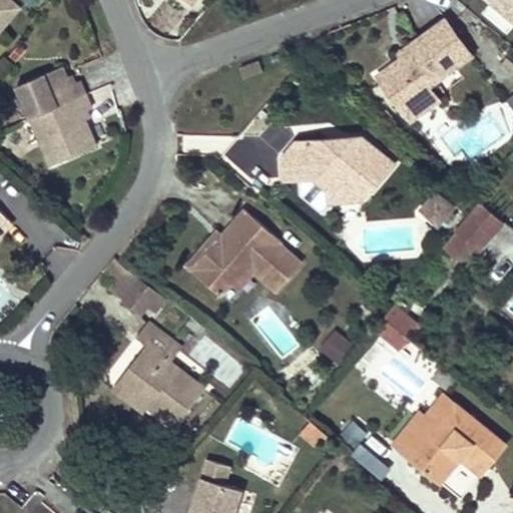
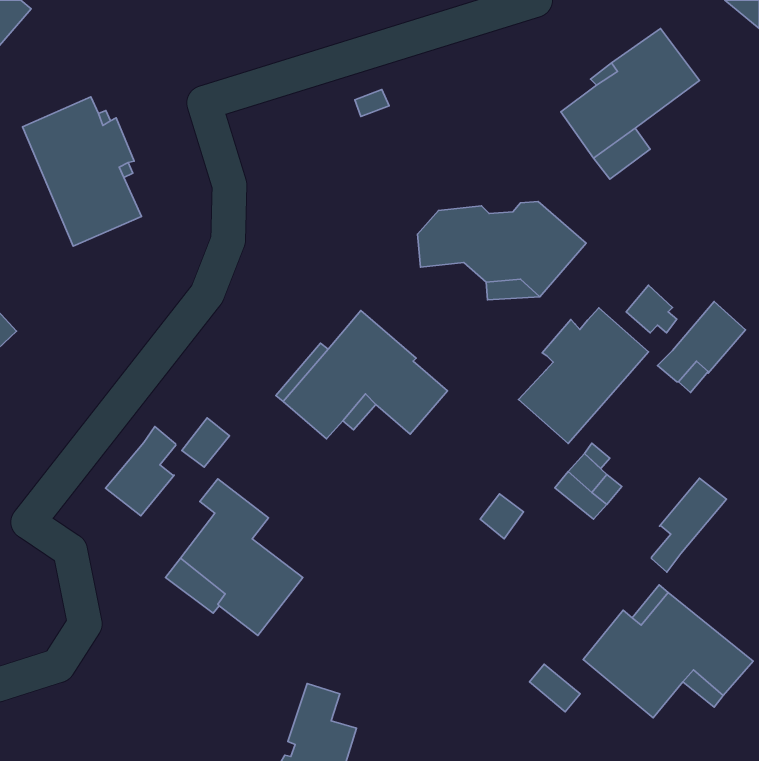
building: none -> [519,308,648,444]
building: none -> [106,427,176,516]
building: none -> [651,478,726,572]

